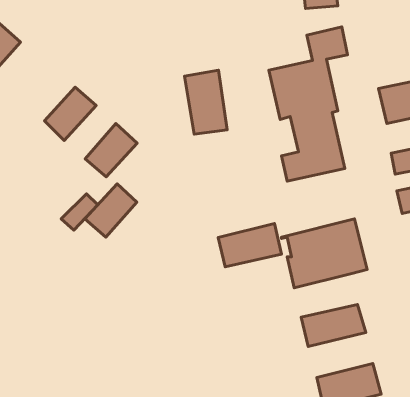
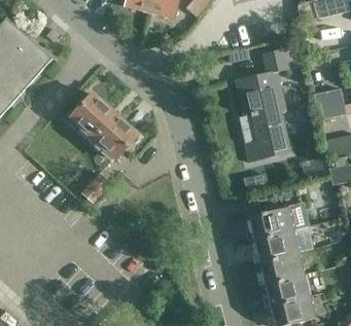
building: [184,70,227,134] -> none
building: [85,184,137,237] -> [83,106,121,145]
building: [218,223,281,267] -> [252,229,299,261]
building: none -> [262,273,310,305]

